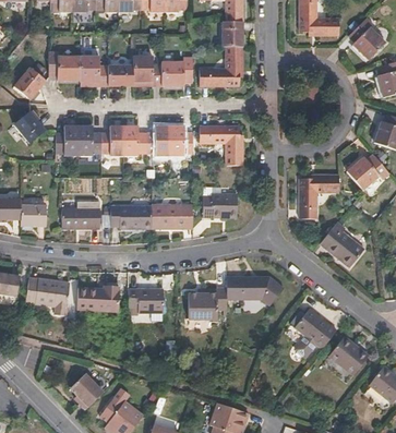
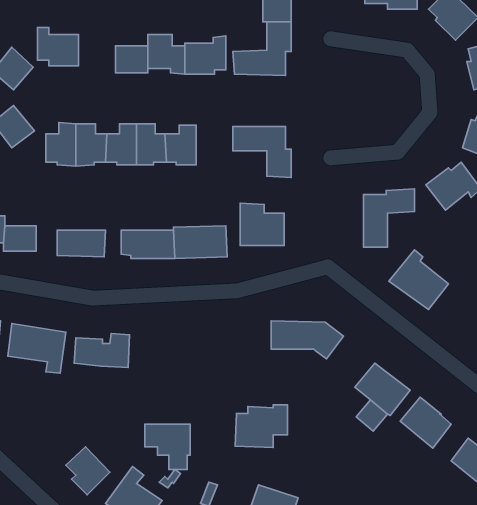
building: [79,56,107,85] -> none
building: [169,125,192,156] -> none
building: [187,287,227,320] -> [235,405,287,447]
building: [127,289,161,324] -> [145,424,190,469]

